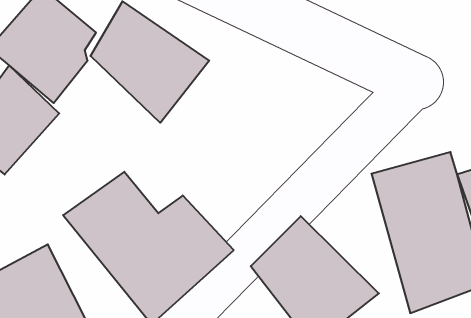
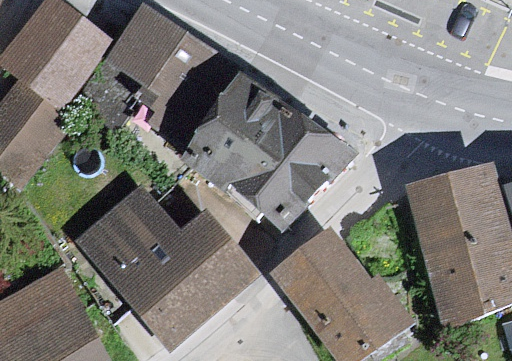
building: none -> [176,71,345,228]

